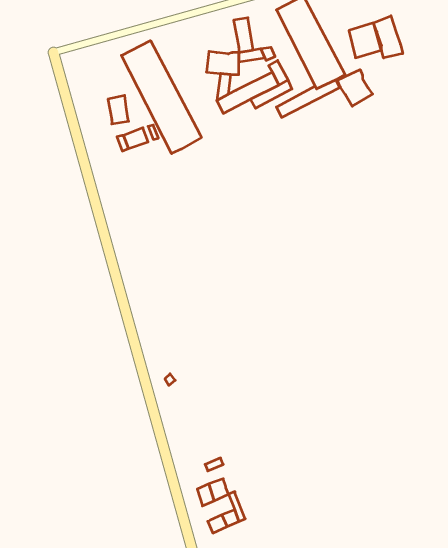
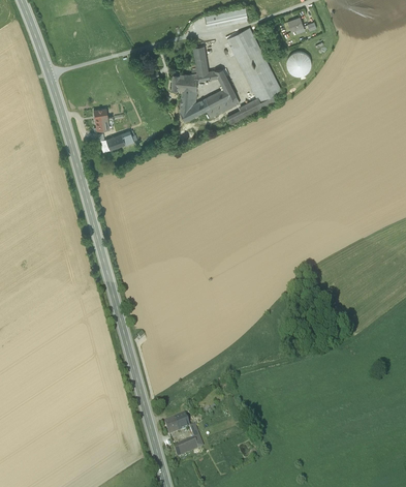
building: [374,16,403,58] -> none
building: [121,41,201,154] -> none
building: [337,70,373,106] -> none

